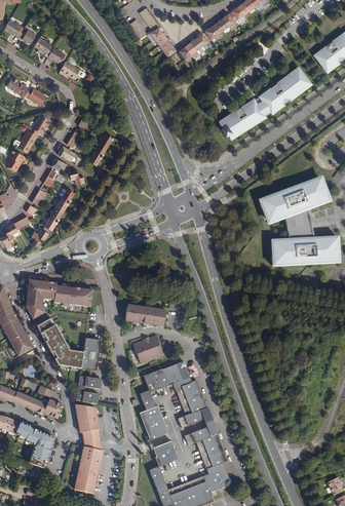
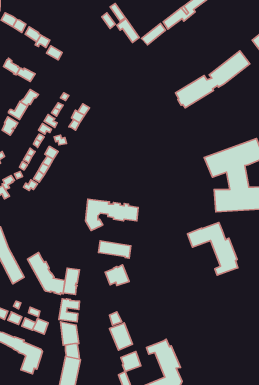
building: [27,279,92,318] -> [85,199,138,231]
building: [144,360,206,426] -> [188,222,238,275]

